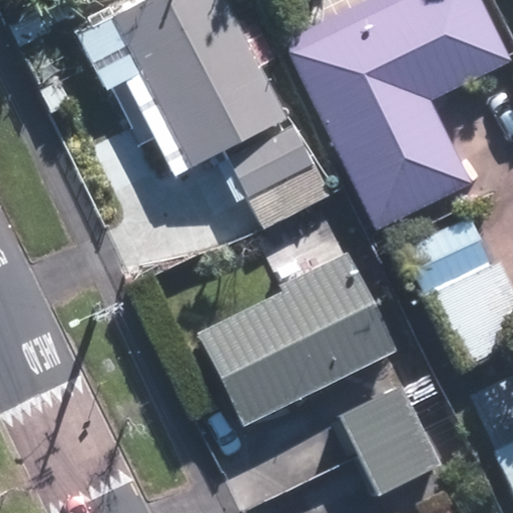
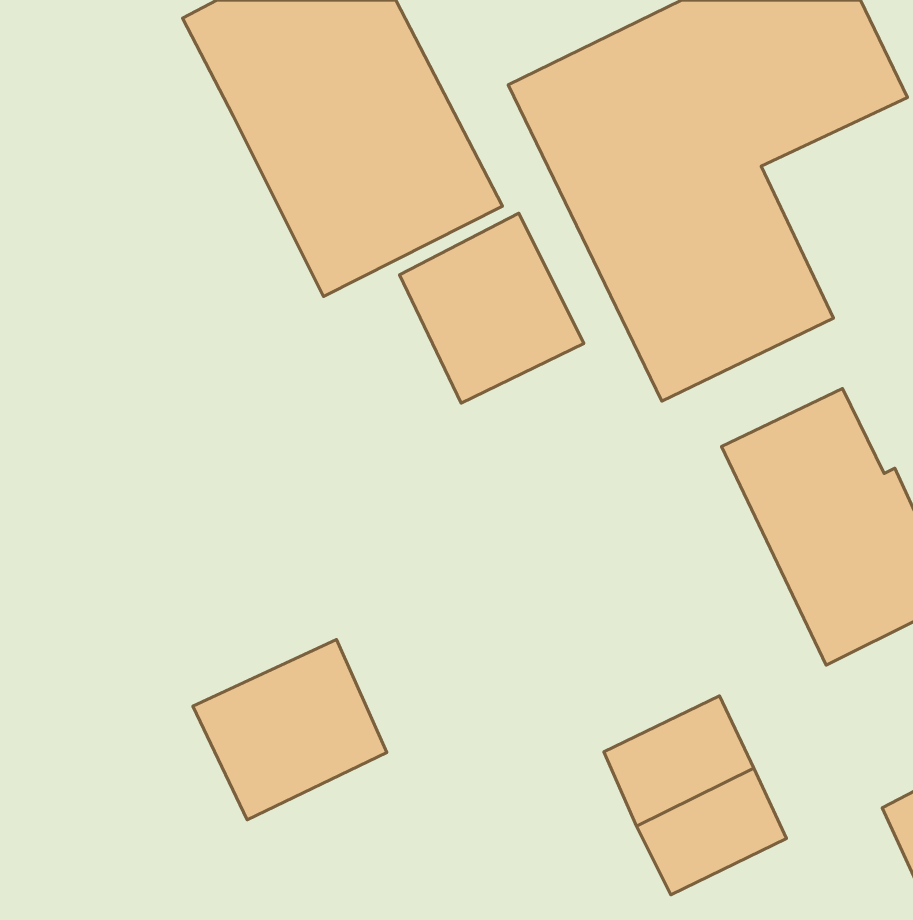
building: [199,253,396,425] -> none
building: none -> [193,639,387,820]

